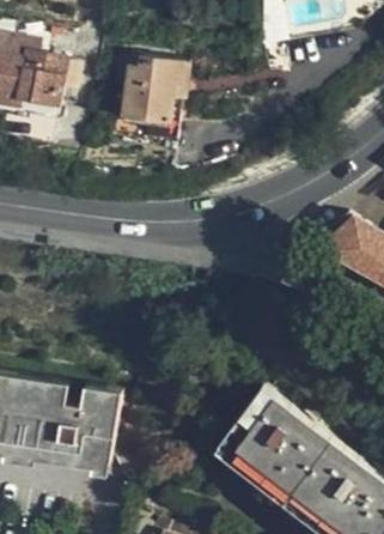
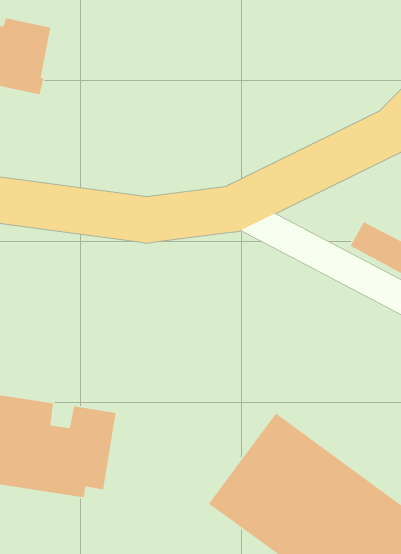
building: [110,54,184,142] -> none

